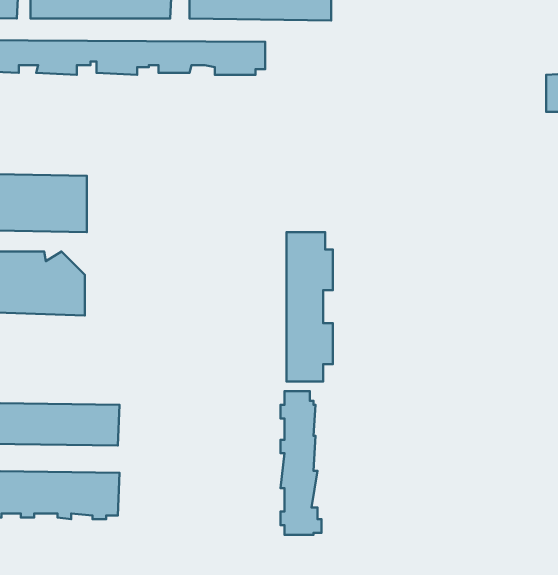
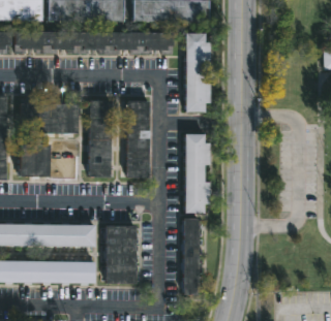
building: none -> [185,32,211,113]
building: none -> [89,100,112,176]
building: none -> [127,100,150,178]
building: none -> [107,225,137,283]

